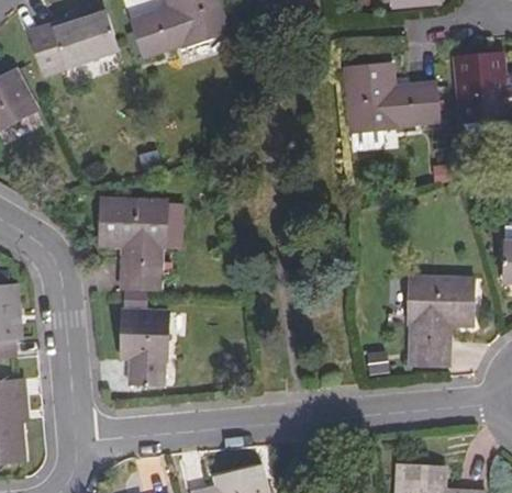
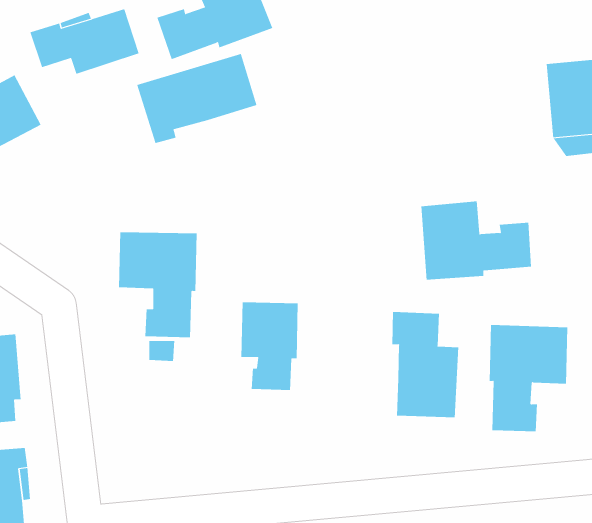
building: none -> [136,53,257,144]
building: [345,64,437,130] -> [421,201,532,280]
building: none -> [392,311,459,418]
building: [120,310,168,383] -> [240,302,299,391]

